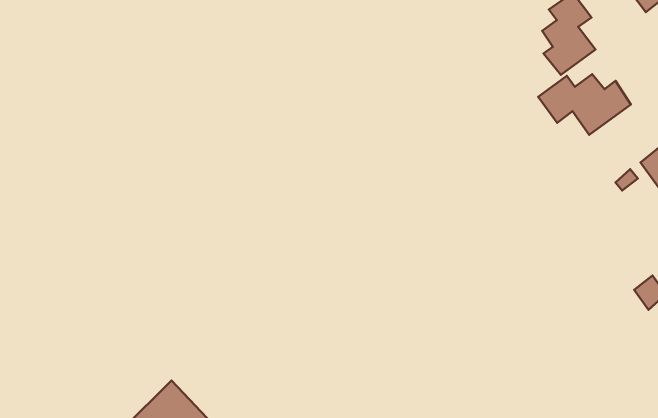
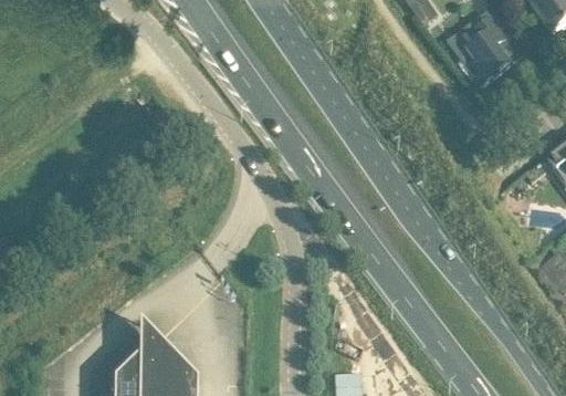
building: [538,74,631,135] -> none

